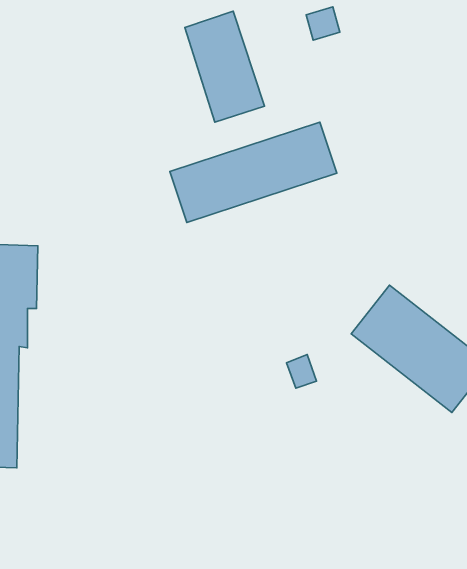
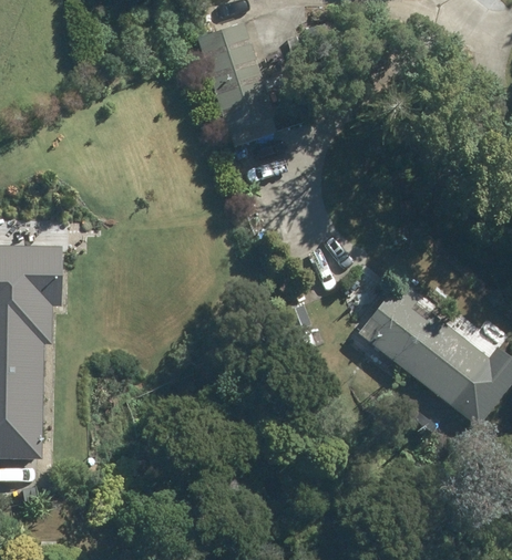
building: [170,122,337,223] -> none

